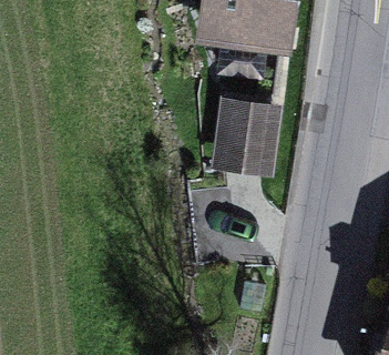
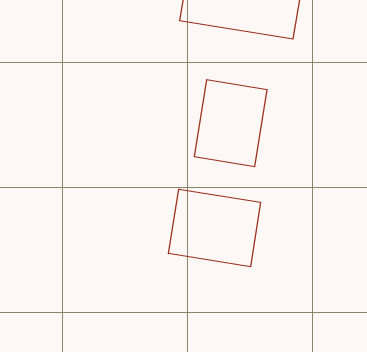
building: none -> [169,189,261,267]

